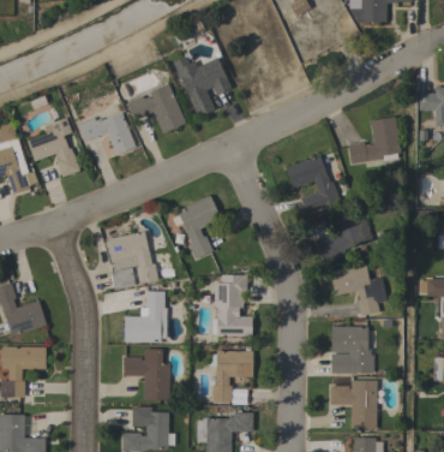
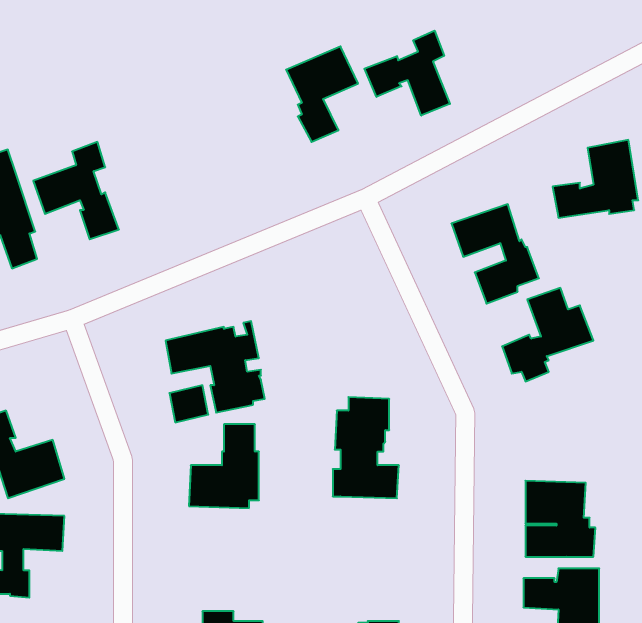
building: none -> [364,31,450,116]
building: [127,83,186,133] -> none
building: [78,113,136,155] -> none
building: [178,195,222,258] -> none
building: [330,262,388,316] -> none
building: [124,349,170,399] -> none
building: [208,350,253,402] -> none

